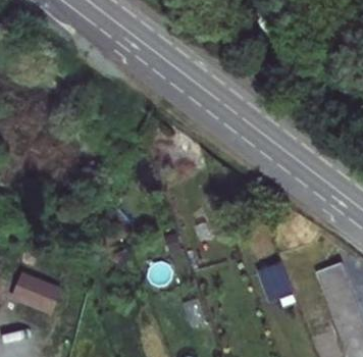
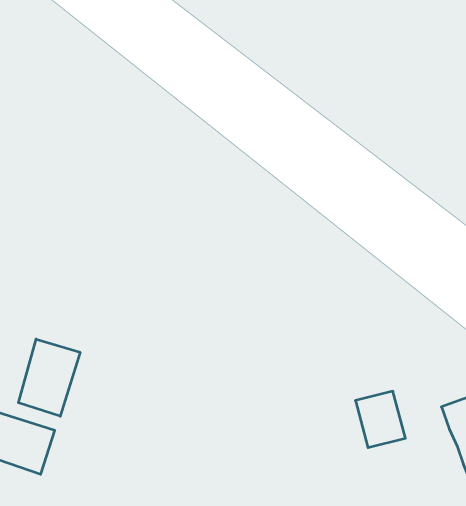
building: none -> [18,339,80,416]

